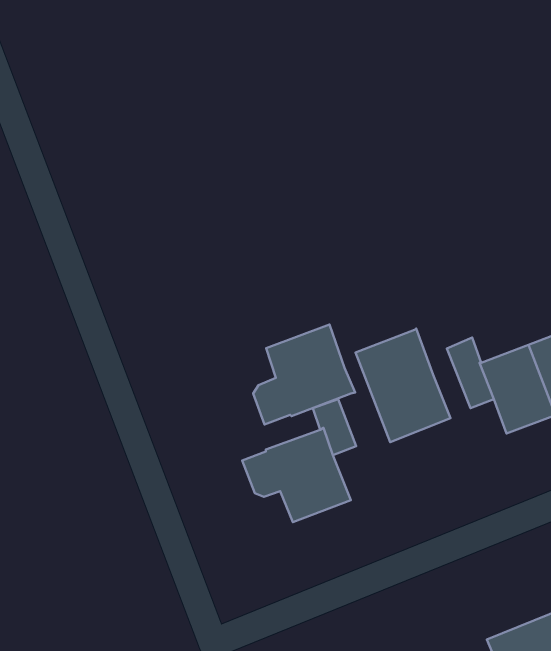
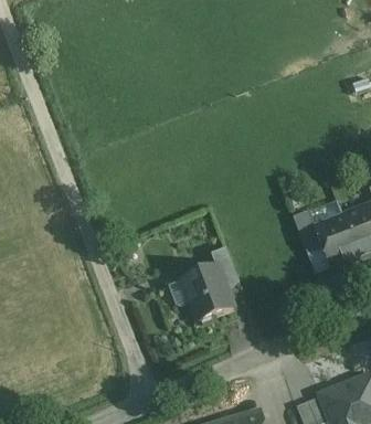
building: [253,325,355,424] -> none
building: [356,328,451,442] -> none

